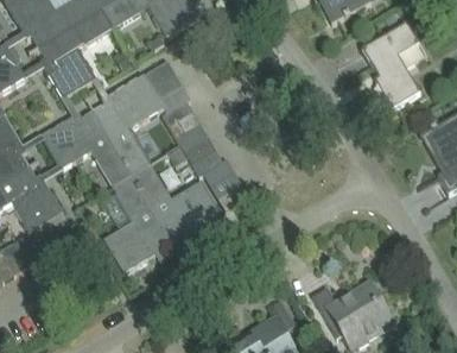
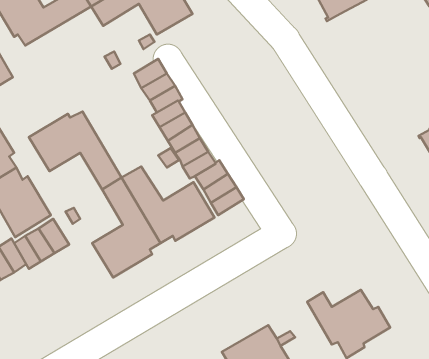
building: [37,8,113,99] -> none
building: [361,21,419,108] -> none
building: [93,76,158,175] -> none

